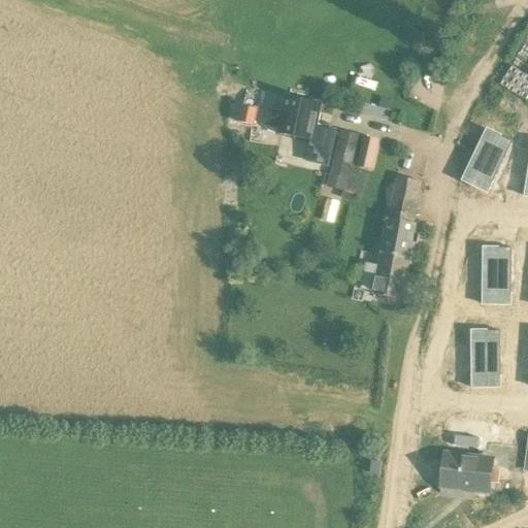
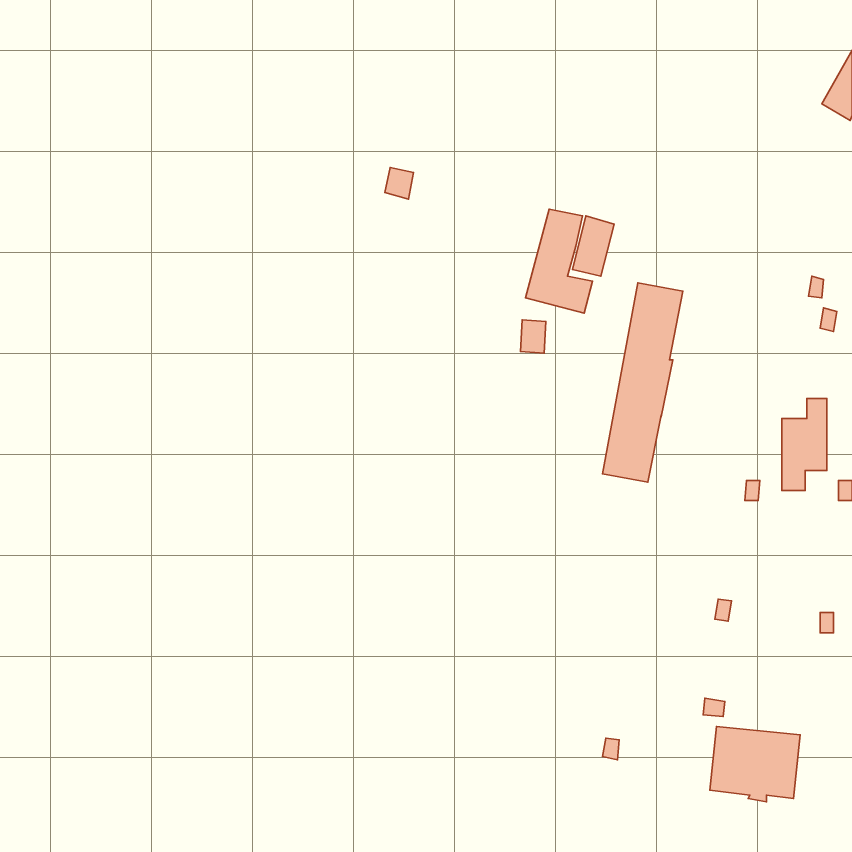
building: [262,93,333,164] -> none
building: [460,133,510,184] -> none
building: [470,328,499,385] -> none

